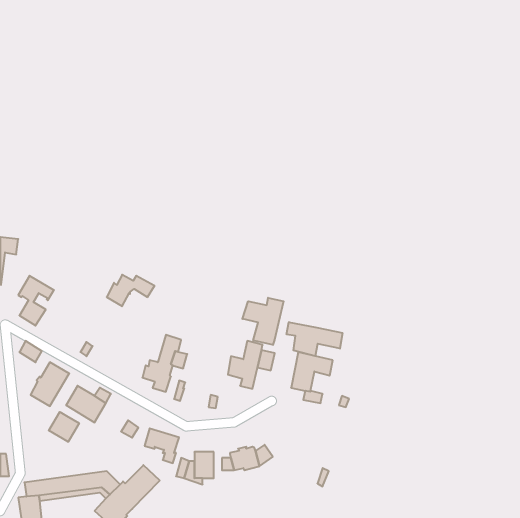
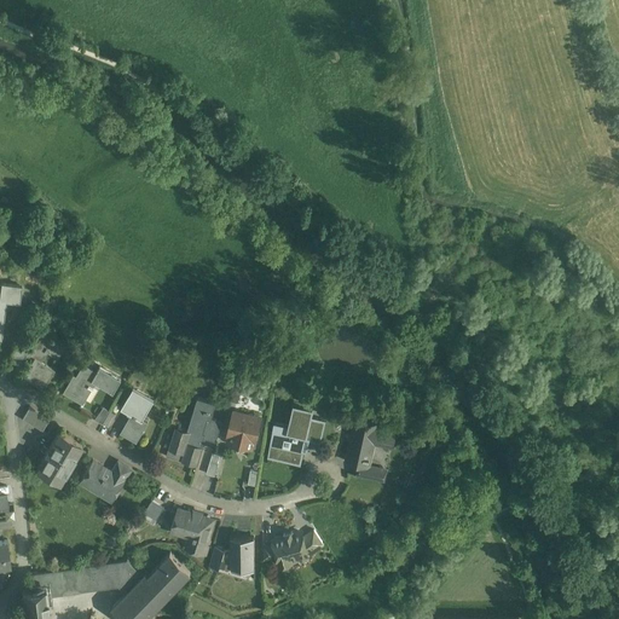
building: [107,275,155,306] -> [64,368,121,405]
building: [242,298,284,345] -> none
building: [287,322,342,356] -> none
building: none -> [121,399,149,442]
building: none -> [228,413,260,450]
building: [49,412,79,442] -> none

